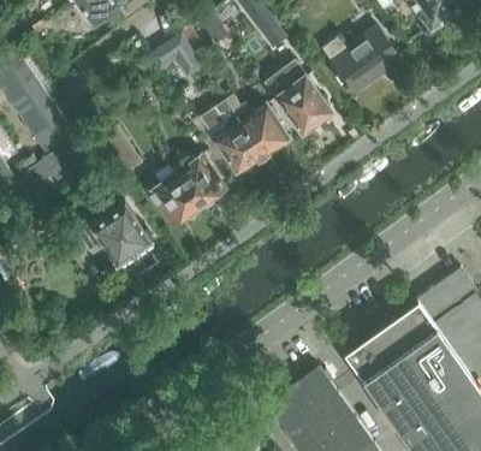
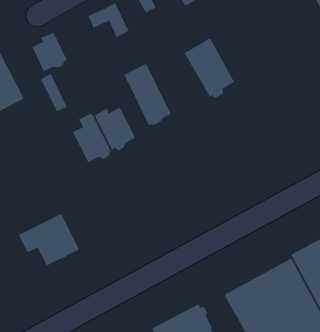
building: [321,26,398,93] -> none
building: none -> [31,32,68,72]
building: [225,94,289,155] -> none
building: [78,202,152,266] -> [18,213,80,266]

